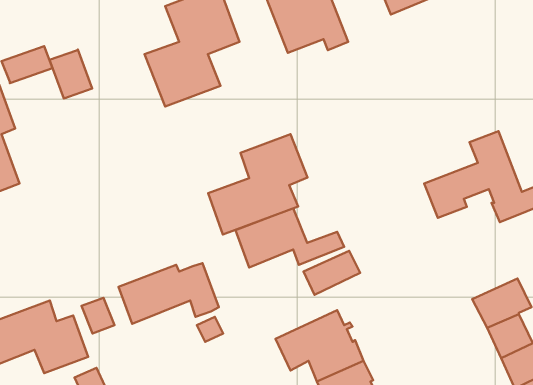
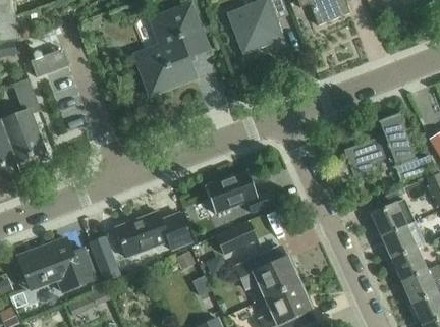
building: [49,50,92,99] -> none
building: [208,134,307,235] -> none
building: none -> [370,199,414,237]
building: [304,251,360,295] -> [215,222,257,255]

